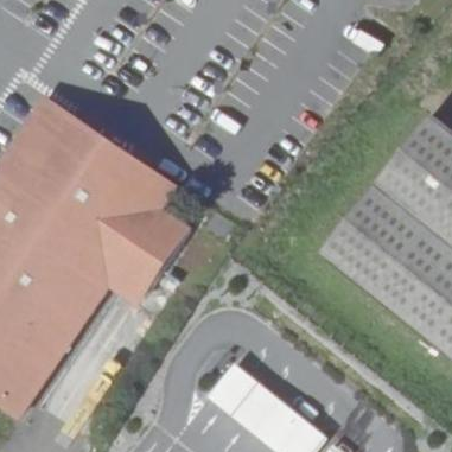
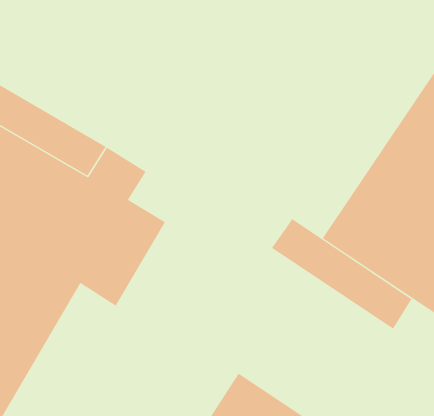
building: none -> [271,218,412,330]

